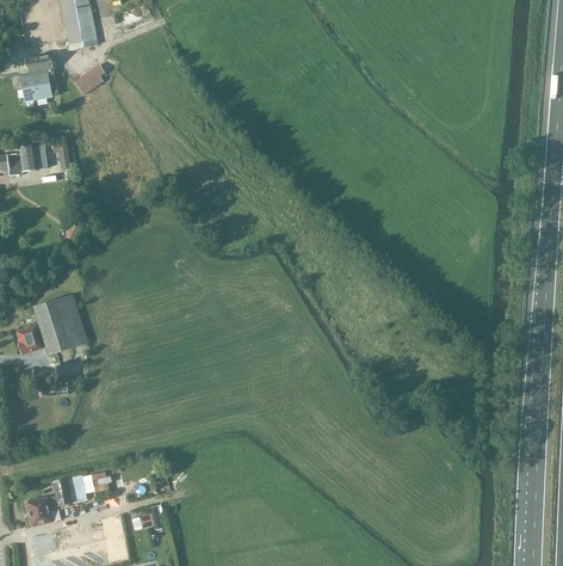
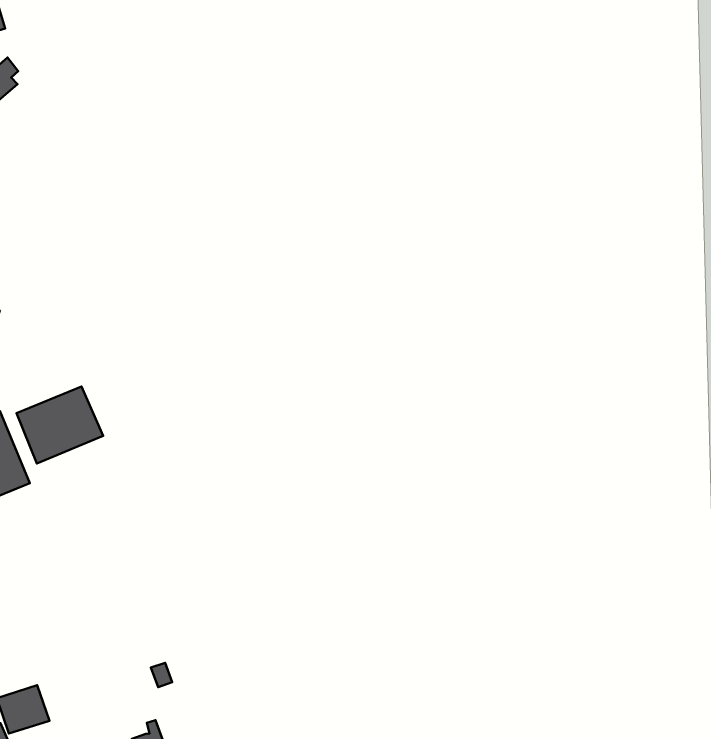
building: none -> [17,386,103,464]

